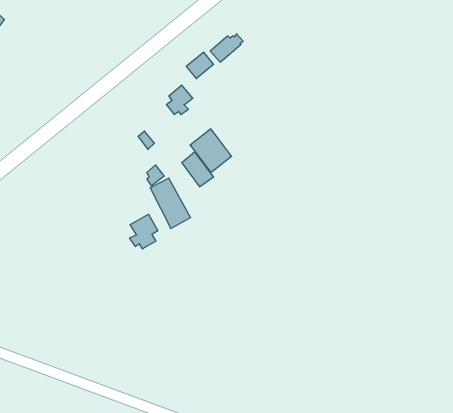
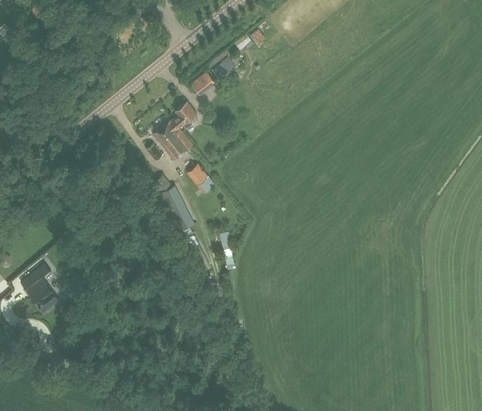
building: [190,129,232,173] -> [152,119,190,159]
building: [130,214,158,249] -> none
building: none -> [26,264,58,308]

